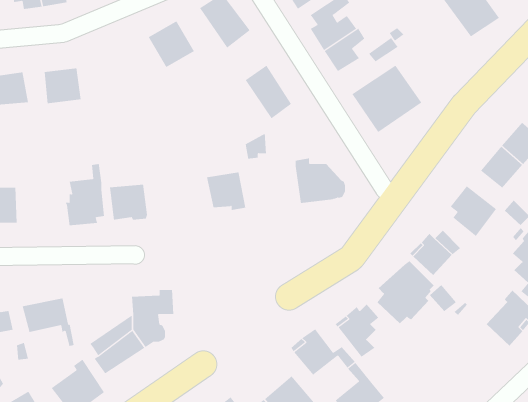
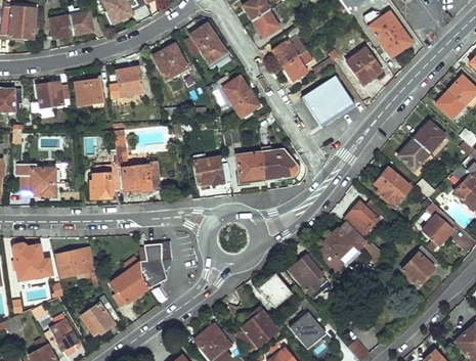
building: none -> [348,48,382,84]
building: none -> [115,69,143,97]
building: none -> [236,152,264,182]

